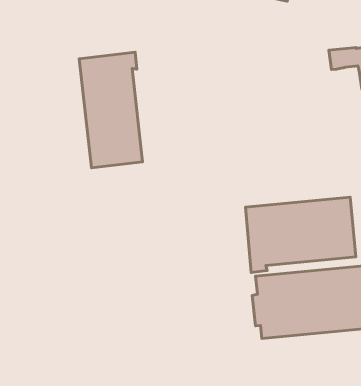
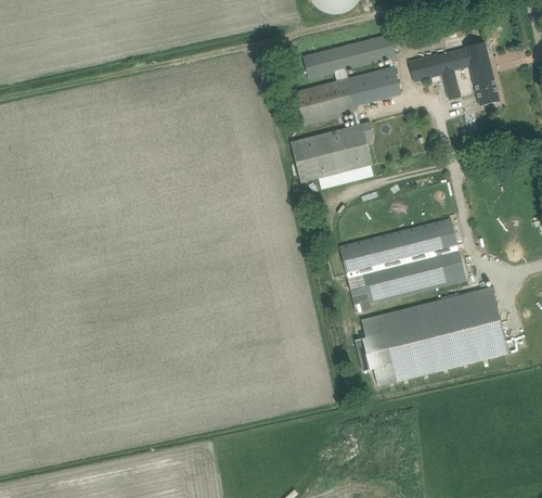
building: none -> [291,34,402,182]
building: [79,52,142,168] -> none

